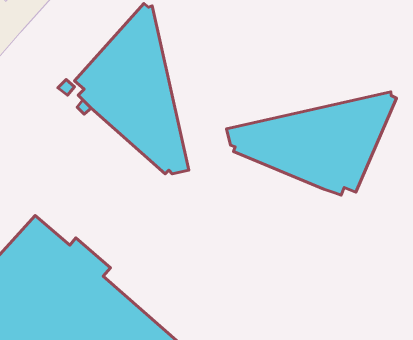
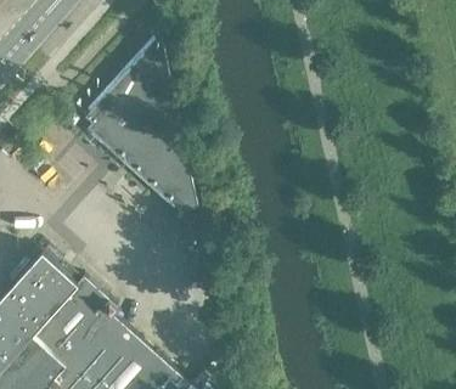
building: [227,92,396,195] -> none

